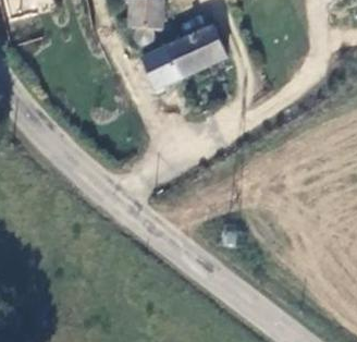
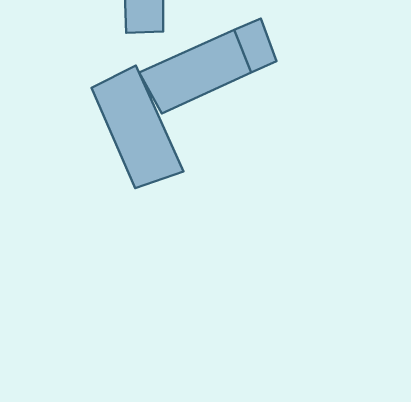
building: none -> [92,66,183,188]

